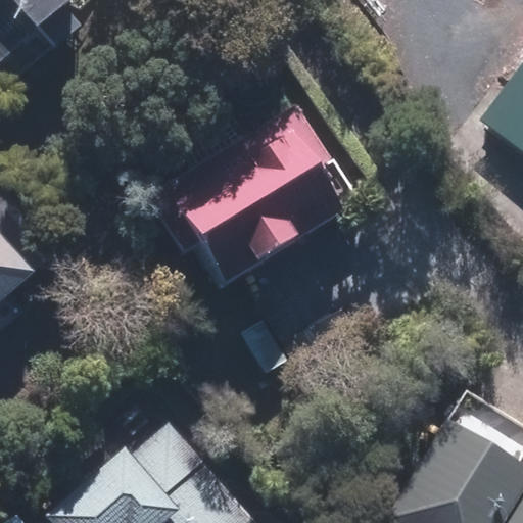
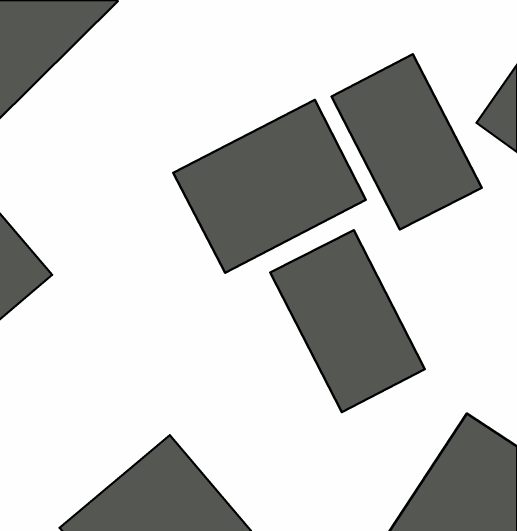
building: none -> [332,54,482,230]
building: none -> [270,230,425,412]

